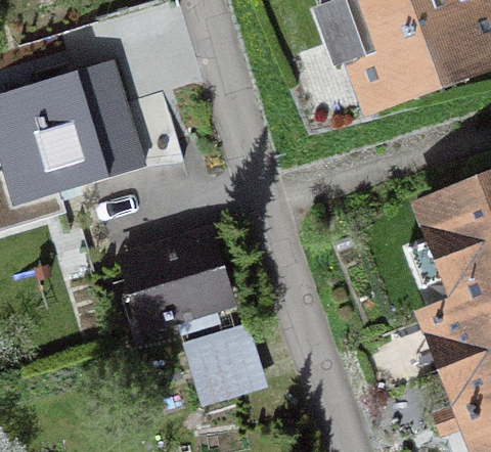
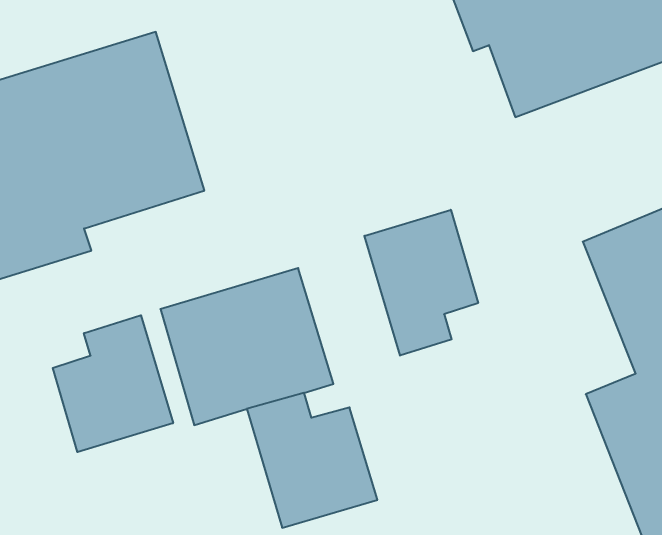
building: none -> [364,210,478,356]
building: none -> [53,315,173,452]

